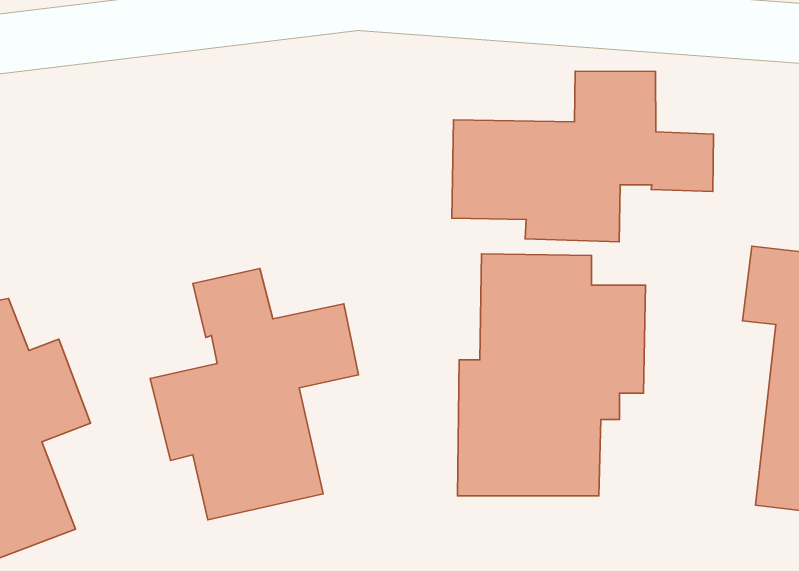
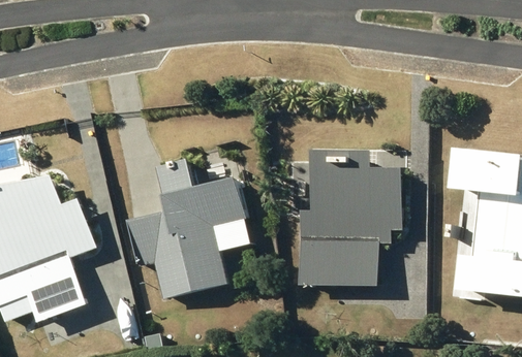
building: [452,71,714,242] -> none

